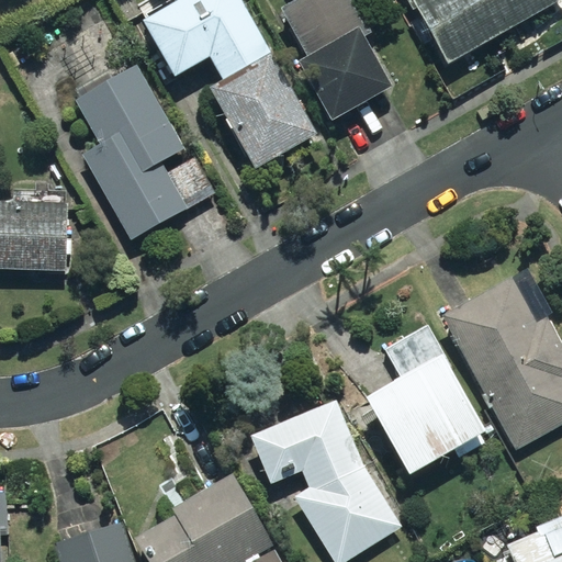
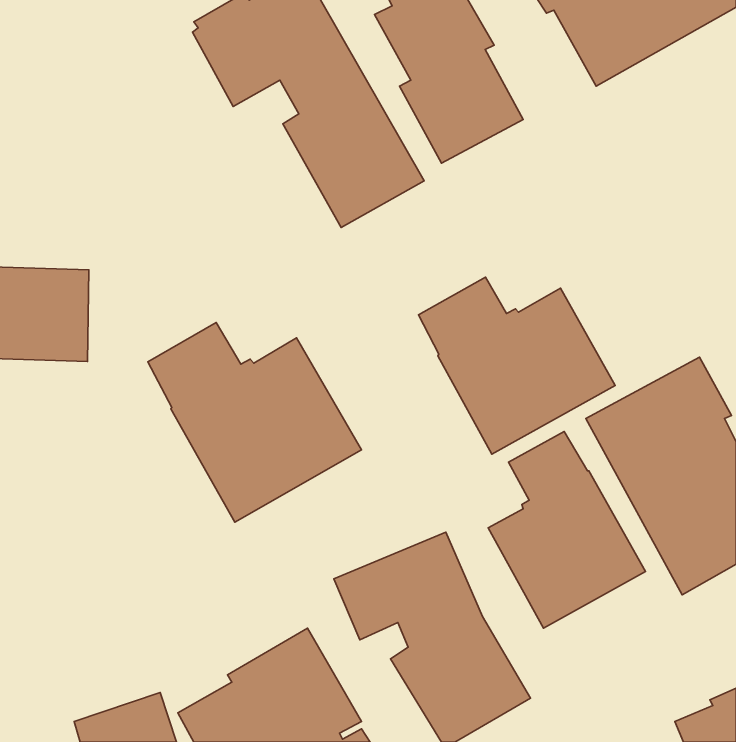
building: [75,69,214,241] -> none
building: none -> [419,277,615,454]
building: none -> [148,323,361,522]

